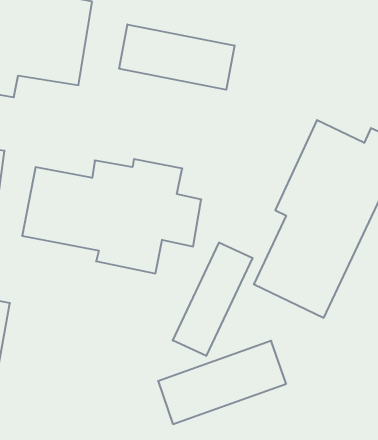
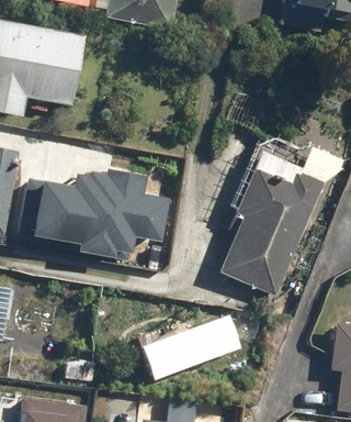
building: [119,24,235,90] -> none
building: [173,243,253,356] -> none

